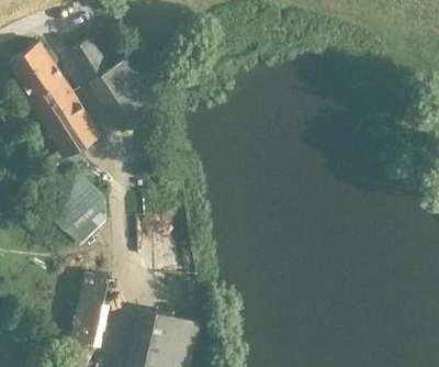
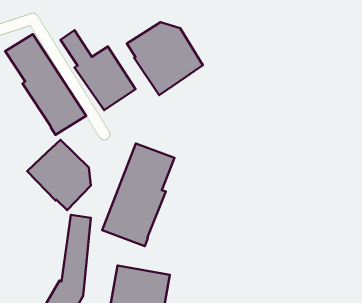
building: none -> [127,22,203,95]
building: none -> [102,143,175,246]

